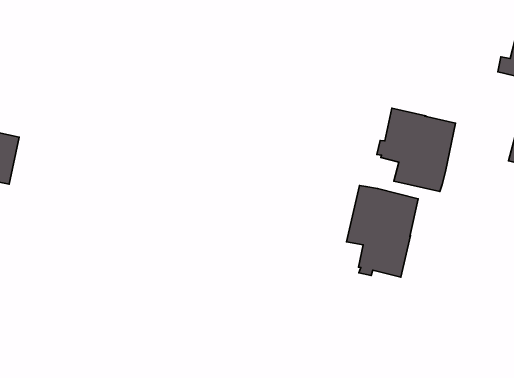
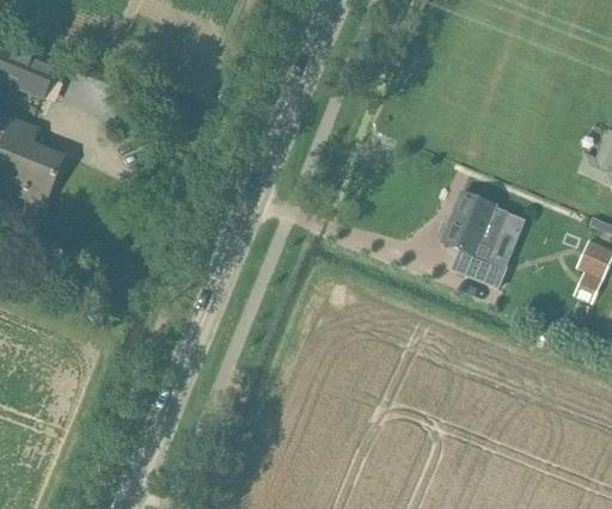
building: [347,186,418,277] -> none

